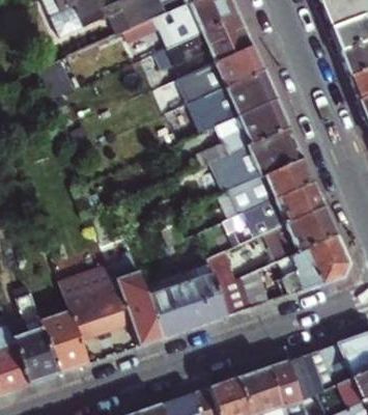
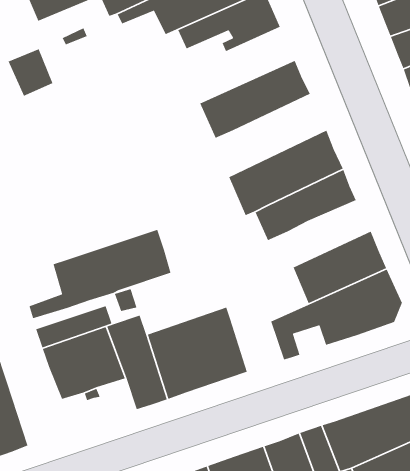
building: [178,44,265,104] -> none
building: [198,96,290,166] -> none
building: [226,181,325,245] -> none
building: none -> [29,229,172,319]
building: [209,250,256,316] -> none
building: [38,312,89,375] -> none

